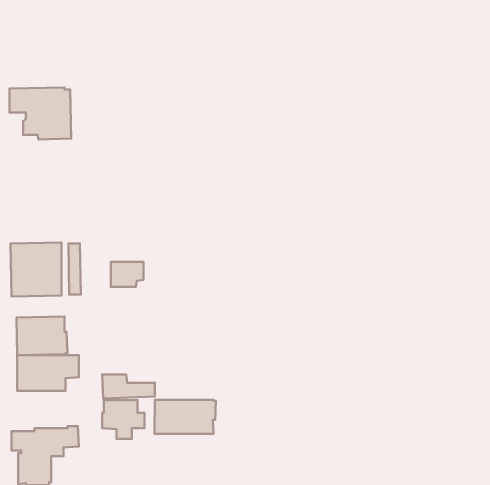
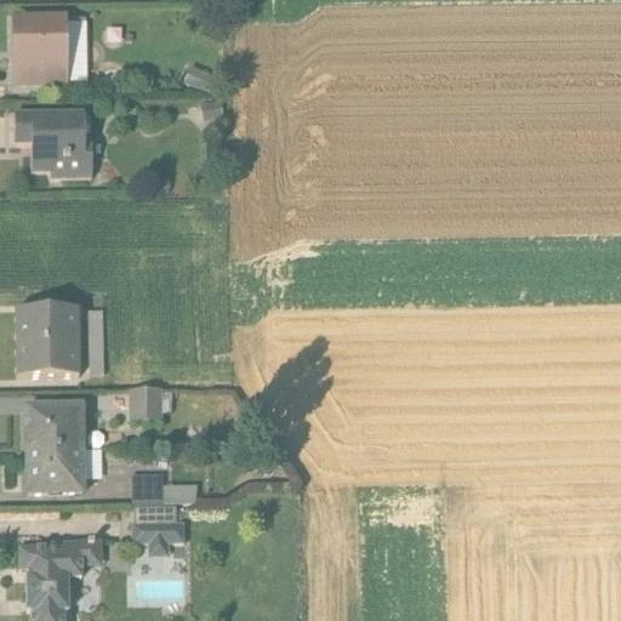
building: none -> [11,13,86,84]
building: [111,262,144,287] -> [130,386,171,417]
building: [155,400,216,434] -> none

